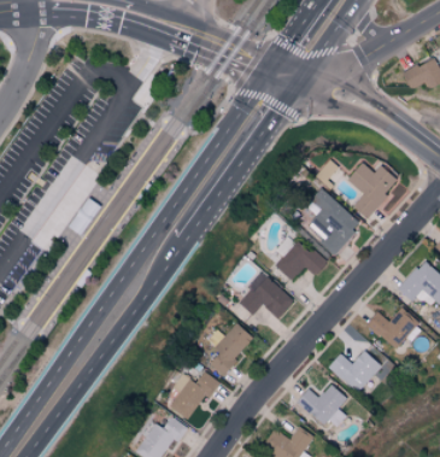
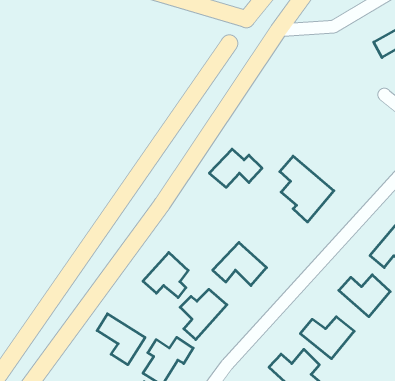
building: [347,163,398,218] -> none
building: [275,242,328,281] -> [209,149,262,187]
building: none -> [143,252,188,298]
building: none -> [97,314,145,365]

